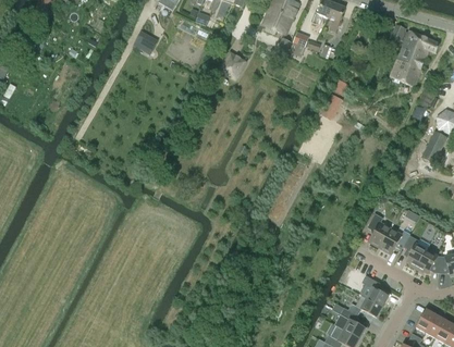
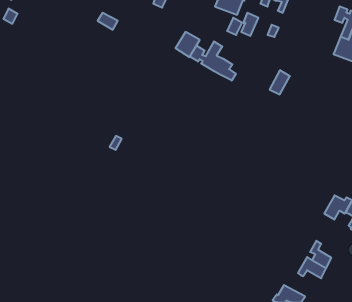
building: none -> [190,41,236,81]
building: [367,213,391,248] -> none
building: [333,303,365,337] -> none

